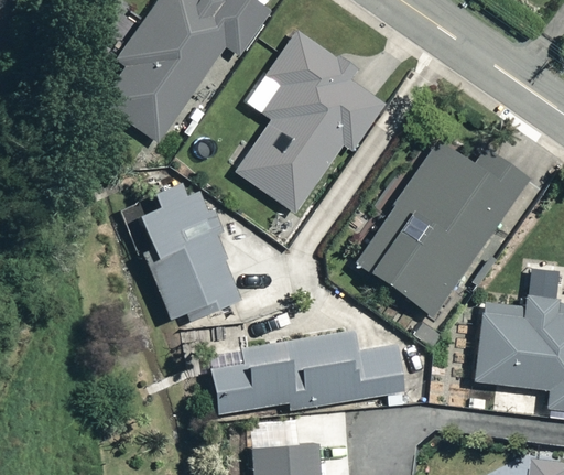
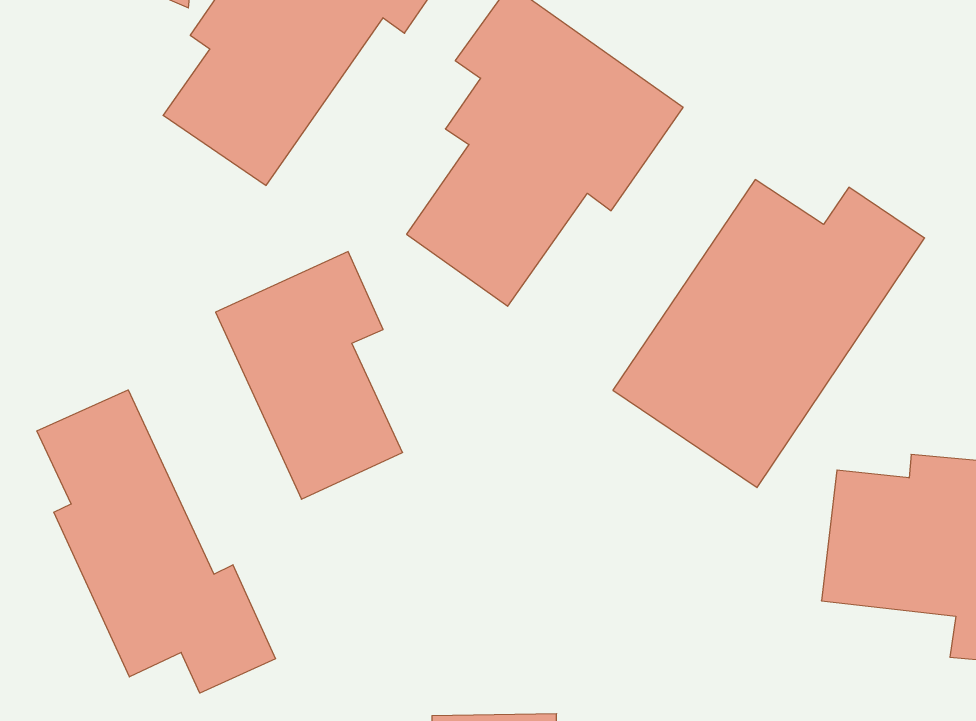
building: none -> [37,390,276,693]
building: [212,328,403,411] -> none

